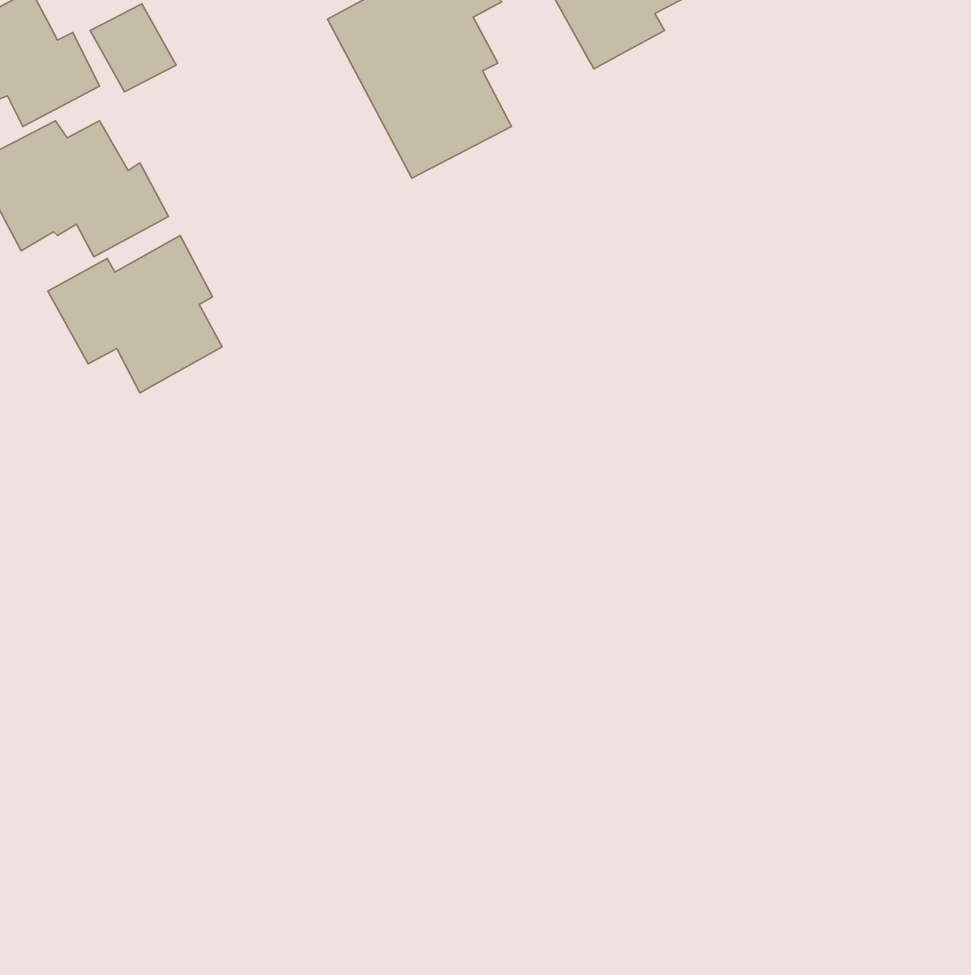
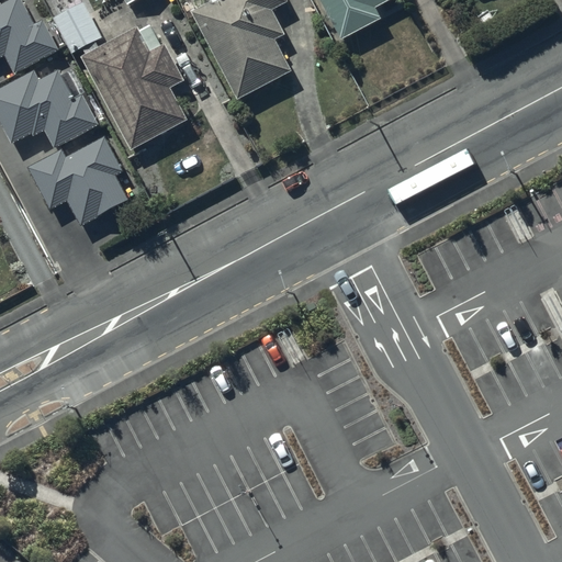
building: none -> [81,27,186,149]

